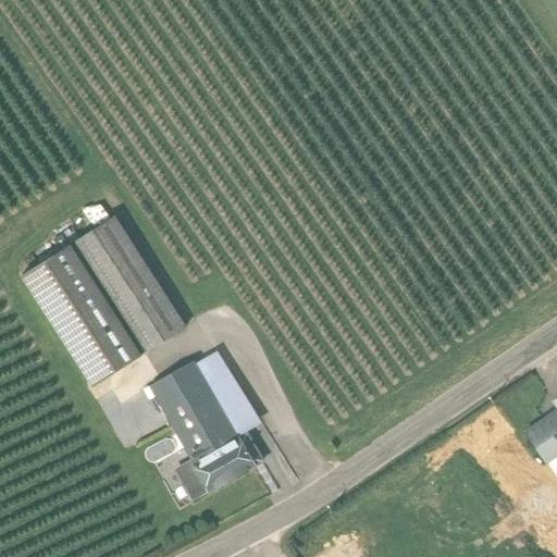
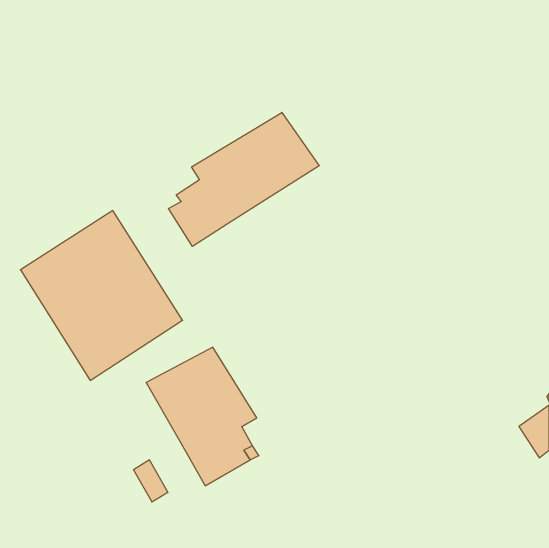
building: none -> [168,112,319,246]
building: [173,459,208,502] -> [134,460,168,502]

